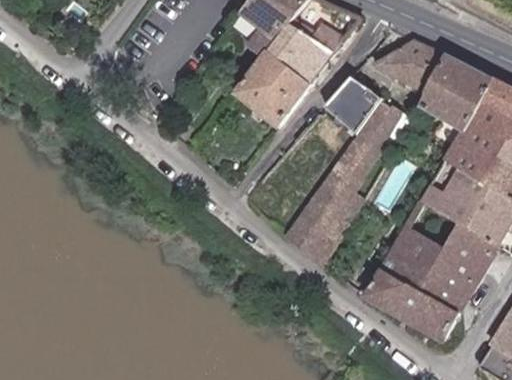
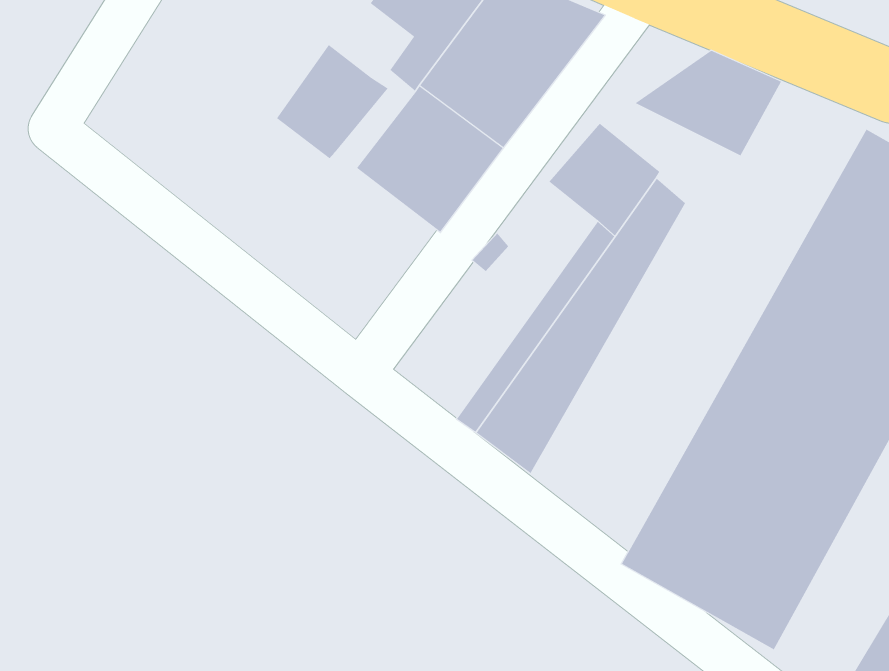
building: none -> [276,44,389,159]
building: [420,52,492,127] -> none

